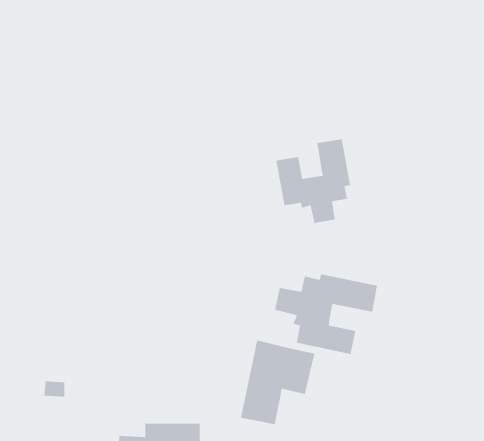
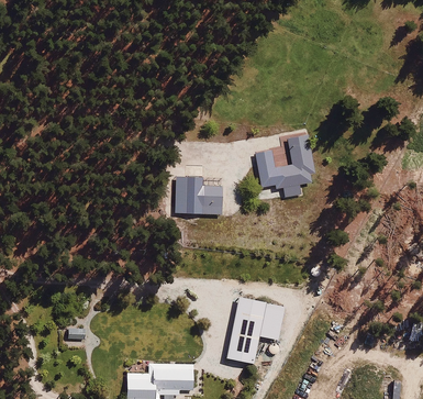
building: none -> [175,176,222,214]
building: [274,273,377,355] -> none

